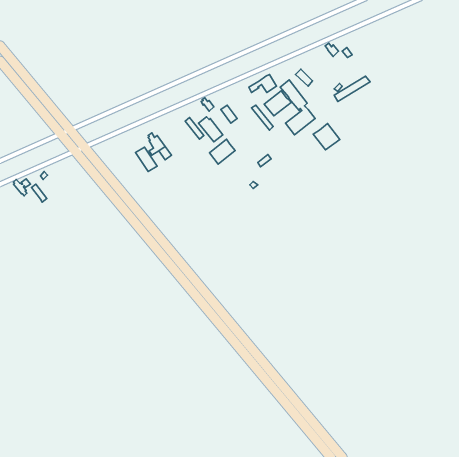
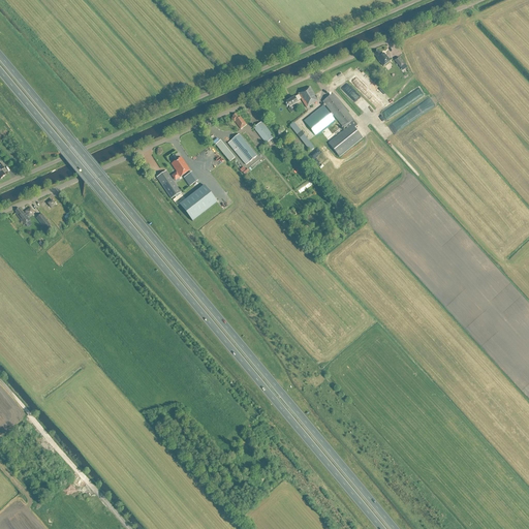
building: [313,124,340,150] -> none
building: [210,139,235,164] -> none
building: none -> [179,184,217,220]

